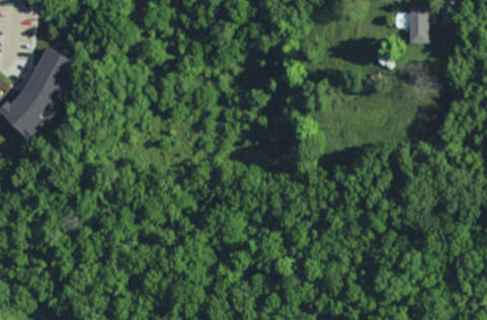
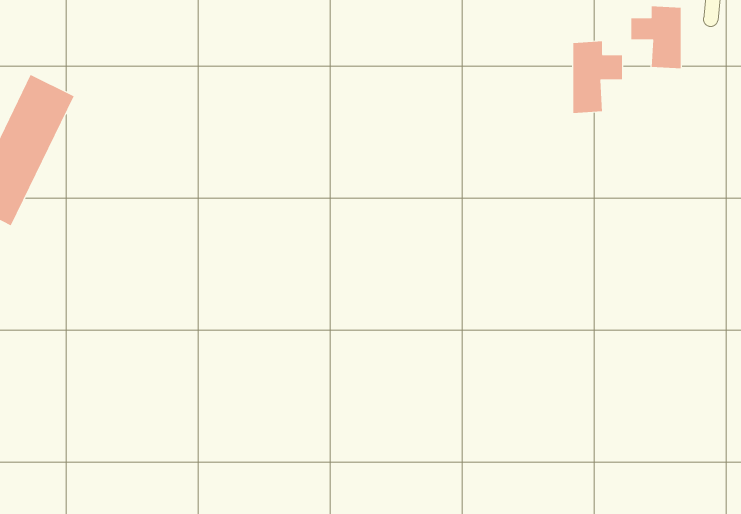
building: none -> [573,41,622,114]

